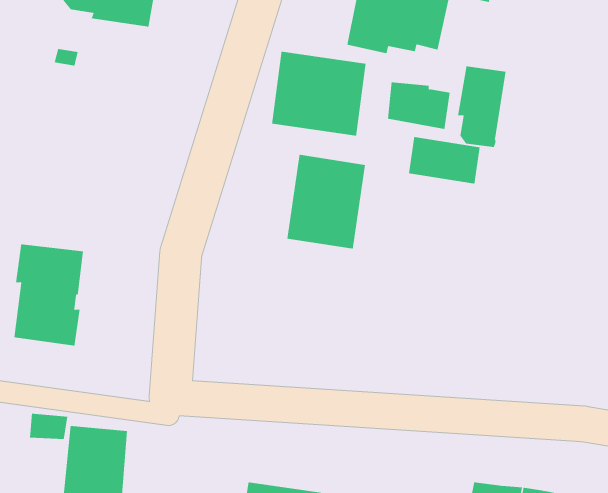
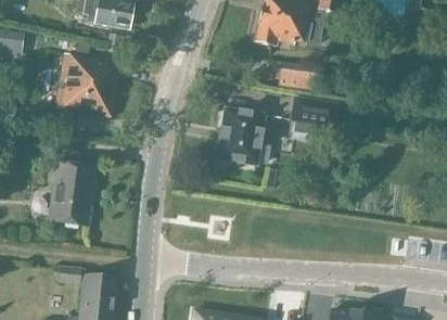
building: [272,51,366,136] -> none
building: [458,65,506,148] -> none
building: none -> [59,53,120,119]

